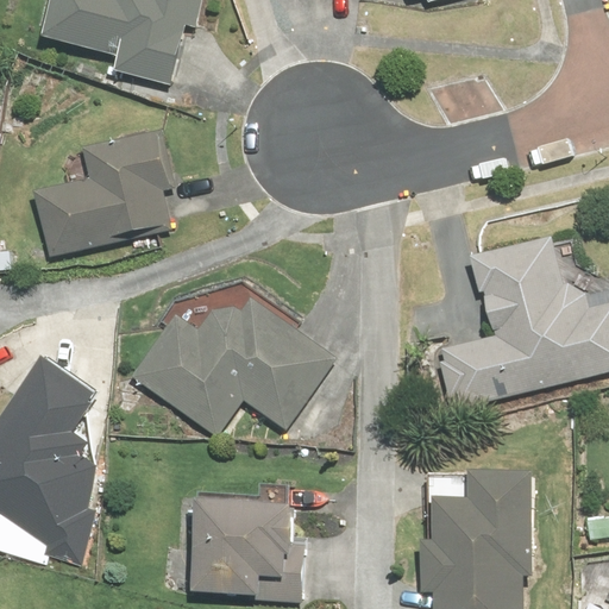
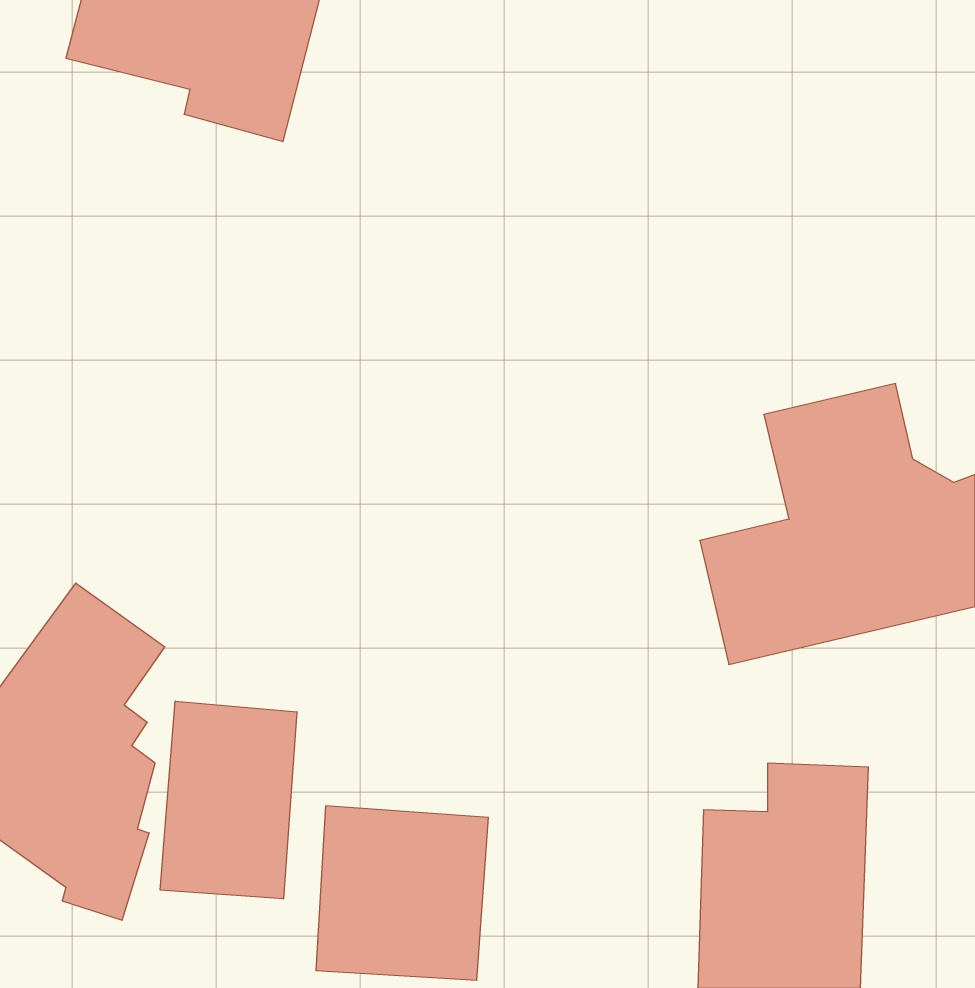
building: [32,128,172,256] -> none
building: [130,296,333,433] -> none
building: none -> [160,701,297,899]

